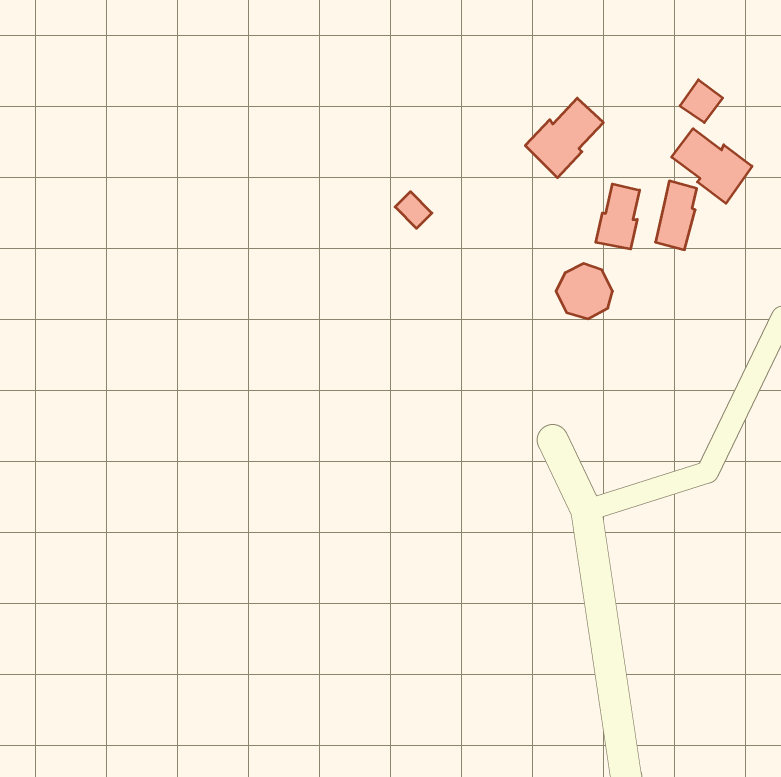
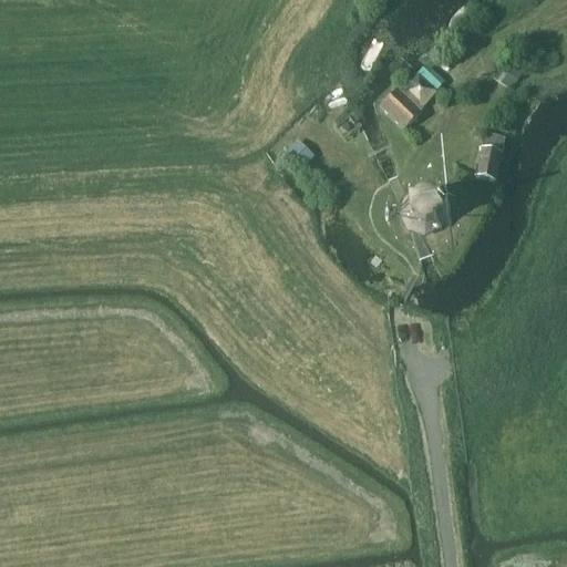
building: [672,129,752,203] -> none
building: [596,184,640,249] -> none

